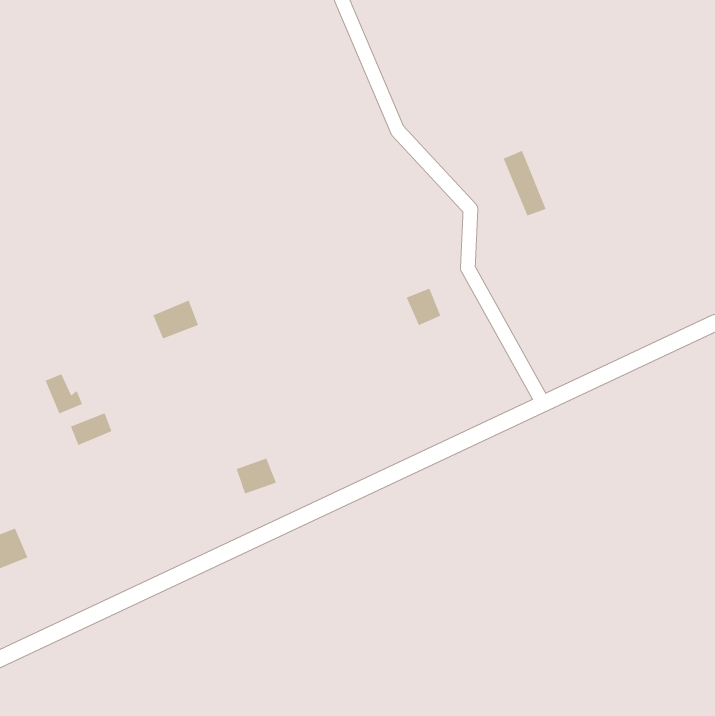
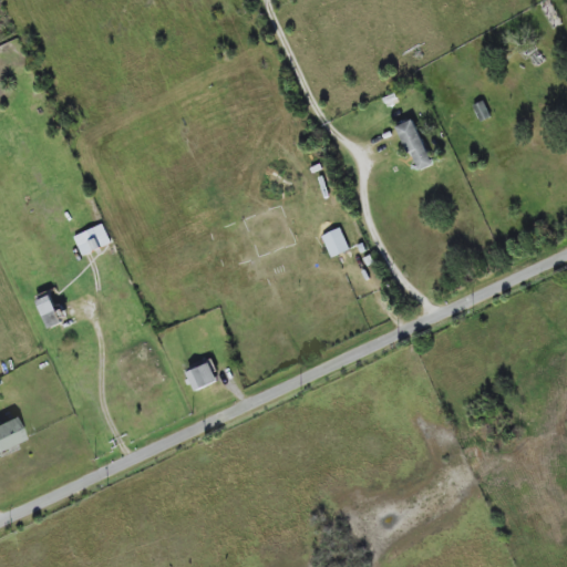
building: [153,300,199,339] -> [73,224,110,255]
building: [70,413,112,446] -> none

